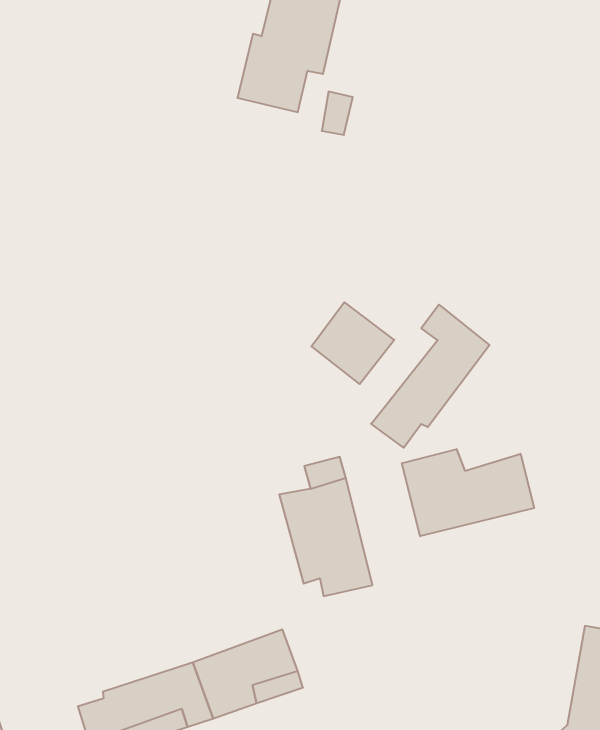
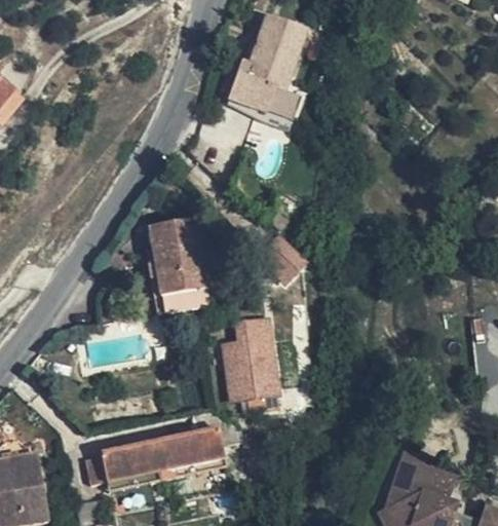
building: none -> [149,221,207,308]
building: [371,305,489,448] -> none
building: [402,449,534,536] -> none

